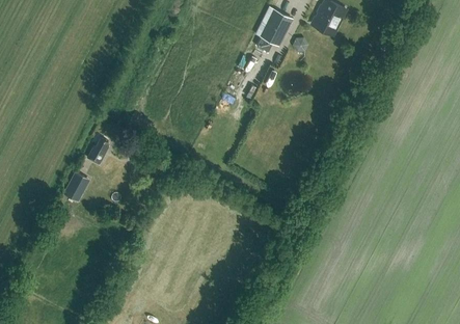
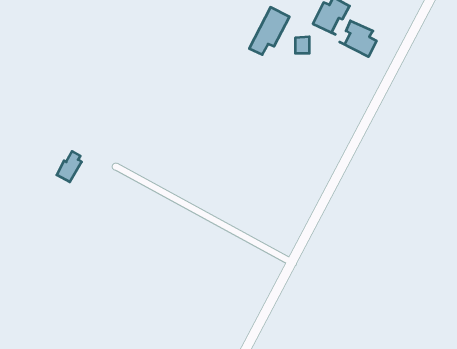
building: none -> [340,21,376,57]
building: [62,171,88,201] -> none

